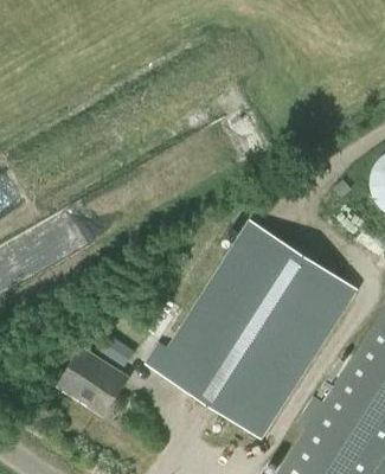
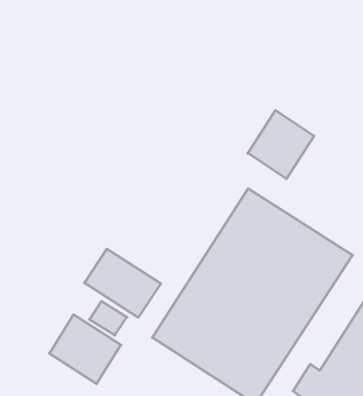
building: none -> [248,110,314,179]
building: none -> [84,249,161,317]

